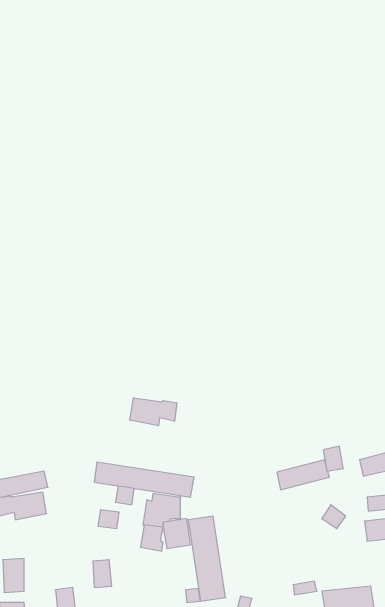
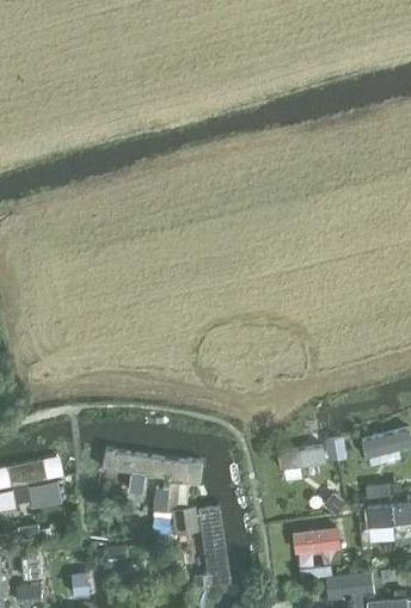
building: [130,398,177,426] -> none
building: none -> [294,524,339,552]

